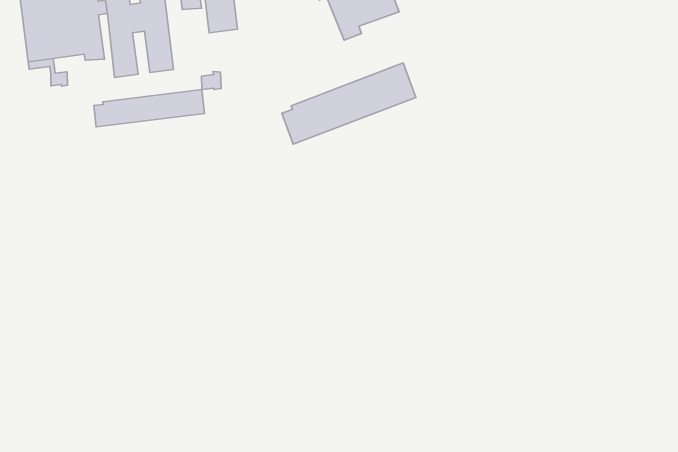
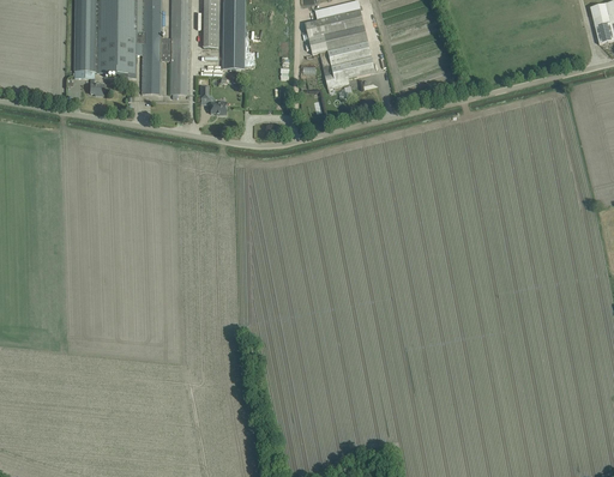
building: [282,63,416,144] -> none
building: [94,90,204,127] -> none

